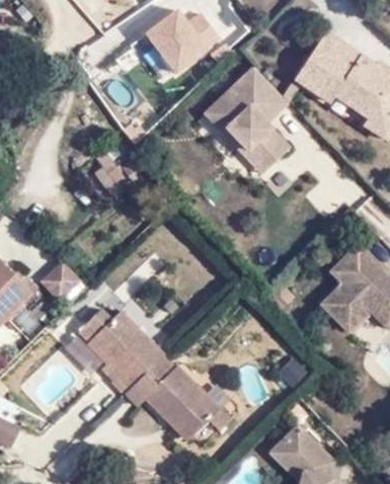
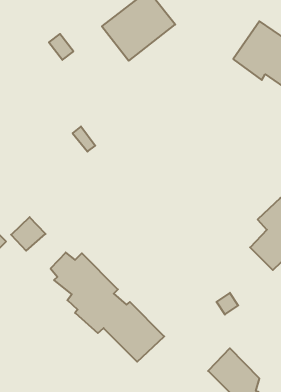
building: [210,64,293,169] -> none

